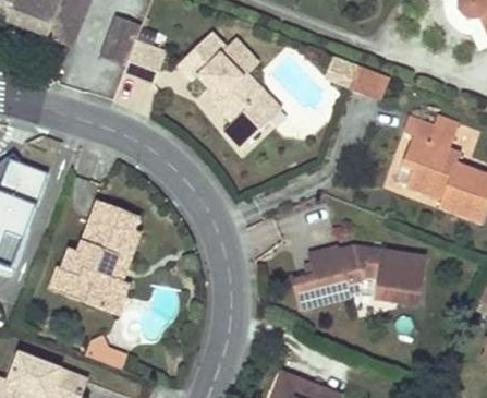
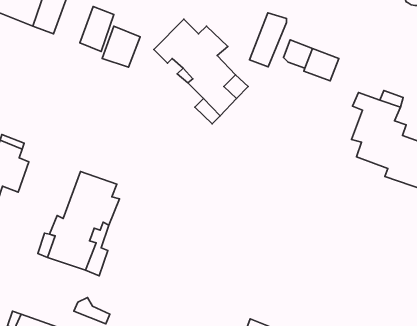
building: none -> [249,13,287,67]
building: [294,244,425,307] -> none

